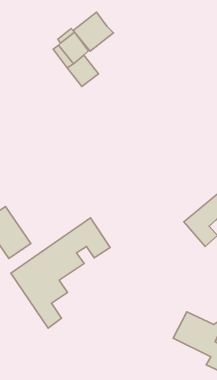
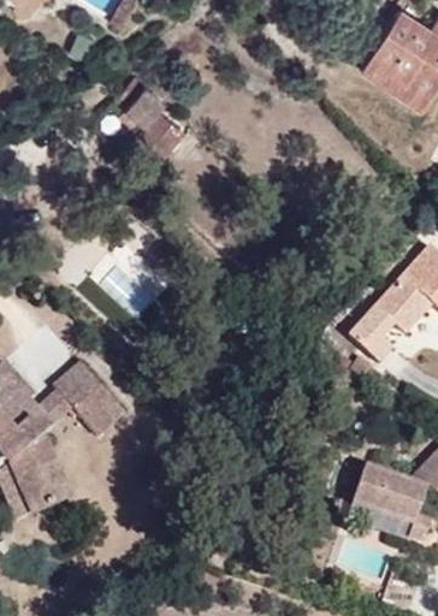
building: [73,12,113,51] -> none
building: [11,218,110,328] -> none

